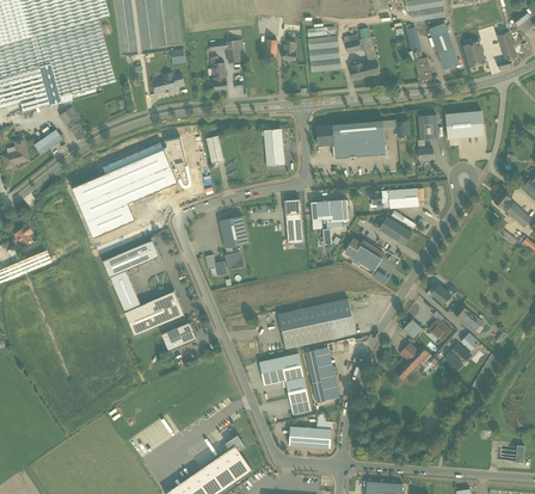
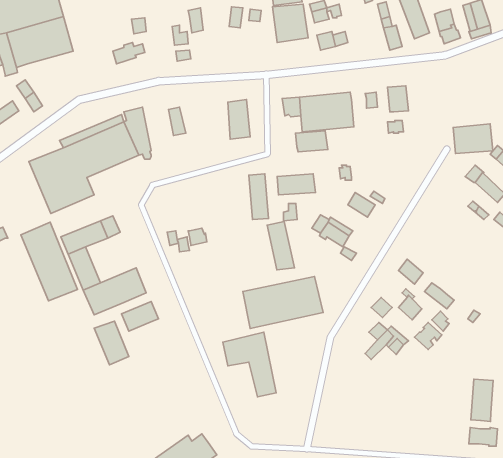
building: [445,110,484,138] -> [453,124,493,153]
building: [388,187,419,208] -> [296,131,328,152]
building: [219,215,248,248] -> none
building: none -> [267,221,294,270]
building: none -> [21,222,78,301]
building: none -> [94,321,129,365]
building: [306,347,339,402] -> none
building: none -> [471,379,493,421]
building: [289,426,332,447] -> none

